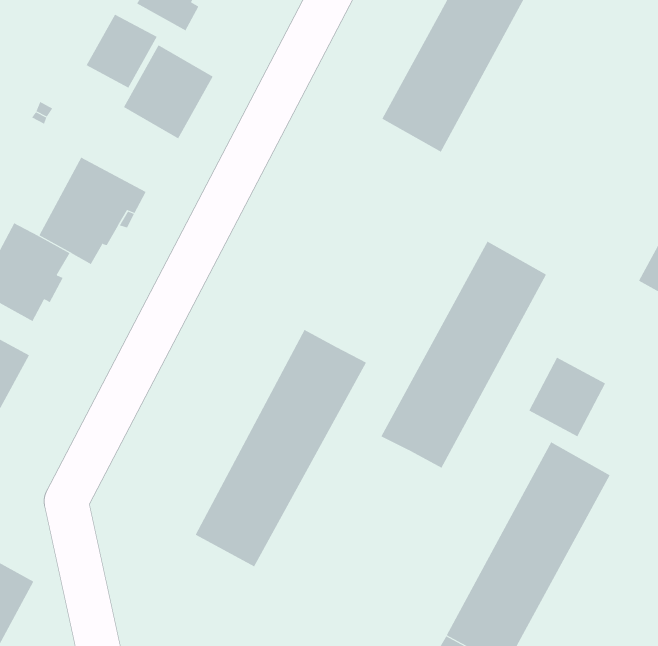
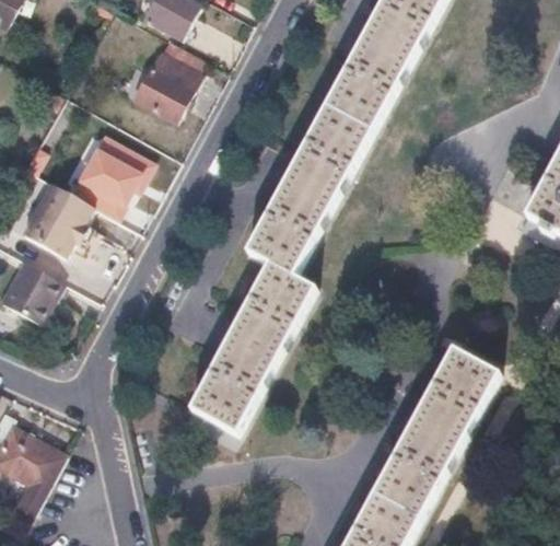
building: [86,14,157,88] -> none
building: [381,241,547,469] -> [246,105,371,276]
building: [529,357,606,437] -> none

